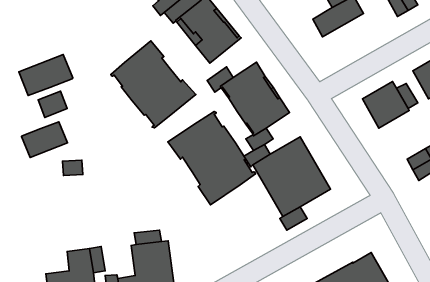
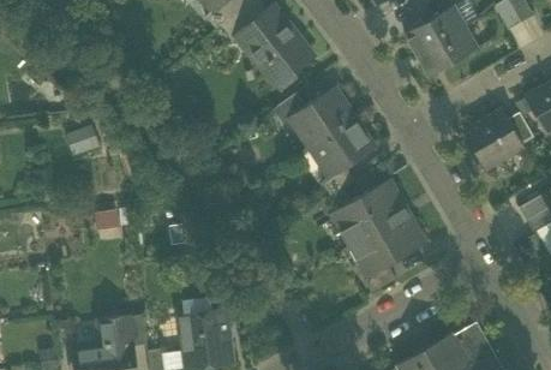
building: none -> [415,26,478,77]
building: [111,41,196,128] -> none
building: [19,54,73,95] -> none
building: [168,111,256,205] -> none
building: [22,122,67,158] -> none

